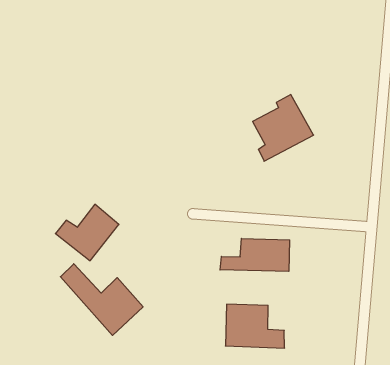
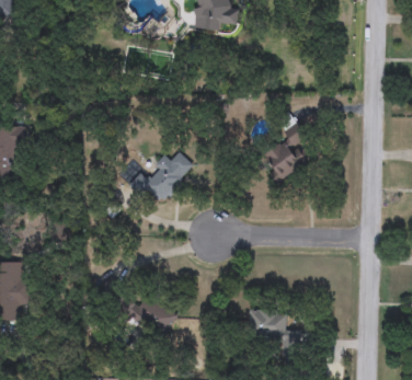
building: [55,204,119,261] -> [131,157,186,206]
building: [220,238,290,271] -> none

